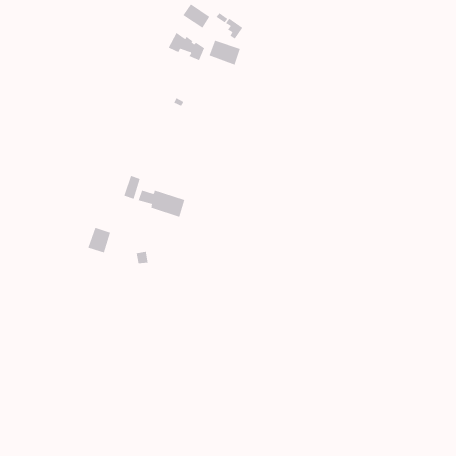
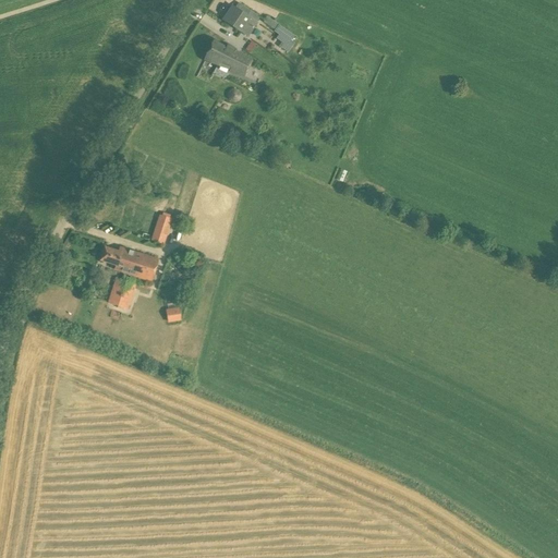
building: [209,40,240,65] -> none
building: [138,190,185,218] -> [100,246,158,280]

